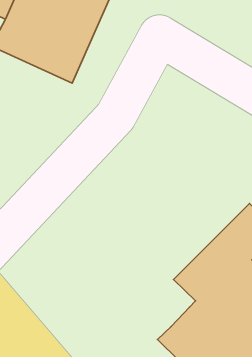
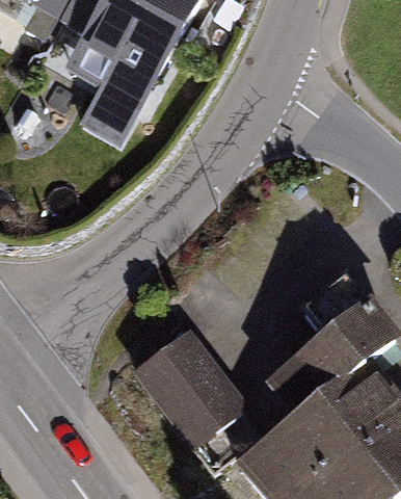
building: none -> [127,322,242,444]

